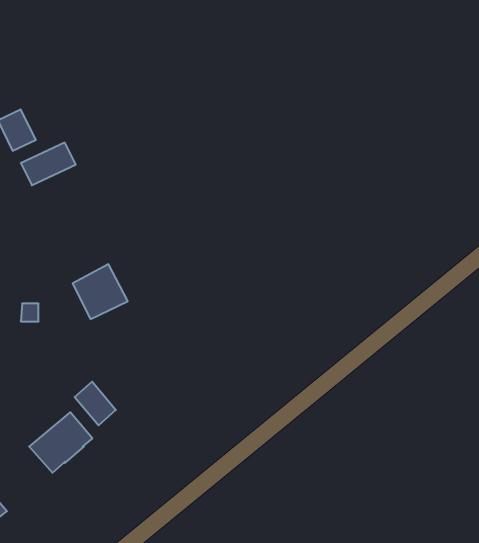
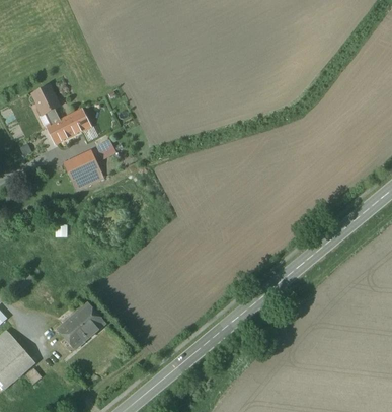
building: [73,264,128,319] -> [65,144,105,185]
building: [75,382,116,425] -> none

